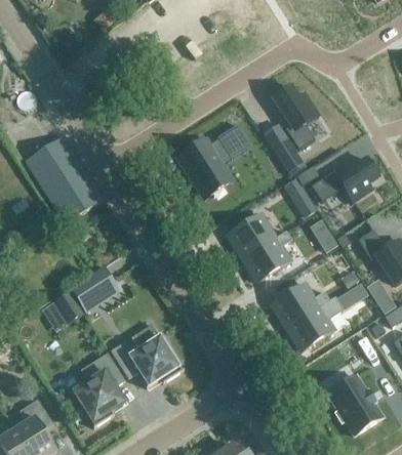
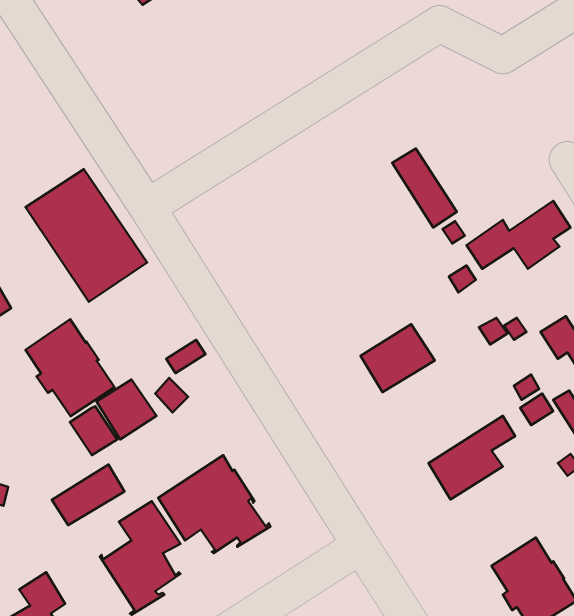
building: [273,85,319,150] -> none
building: [178,124,251,195] -> none
building: [228,214,276,258] -> none
building: none -> [26,319,115,416]
building: [272,283,335,328] -> none
building: none -> [52,465,124,525]

